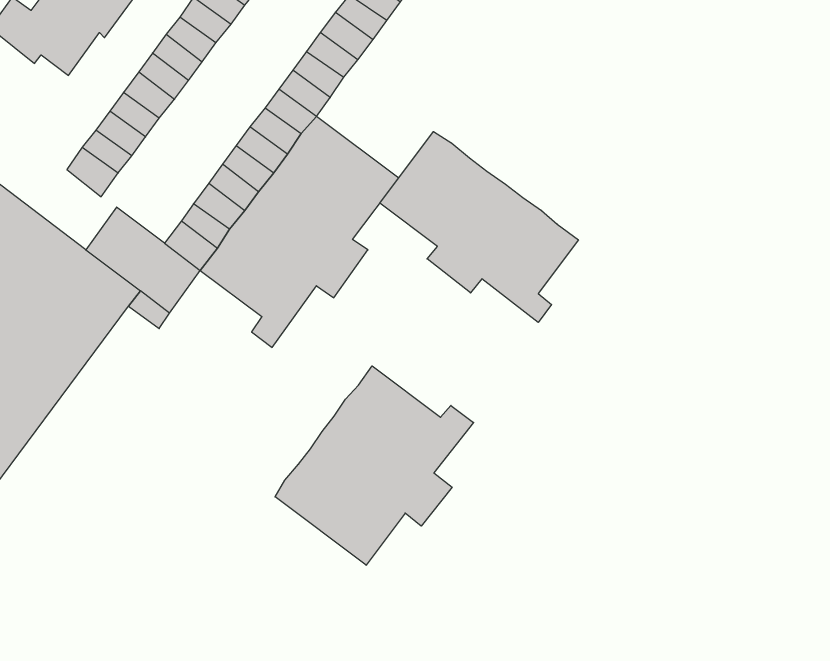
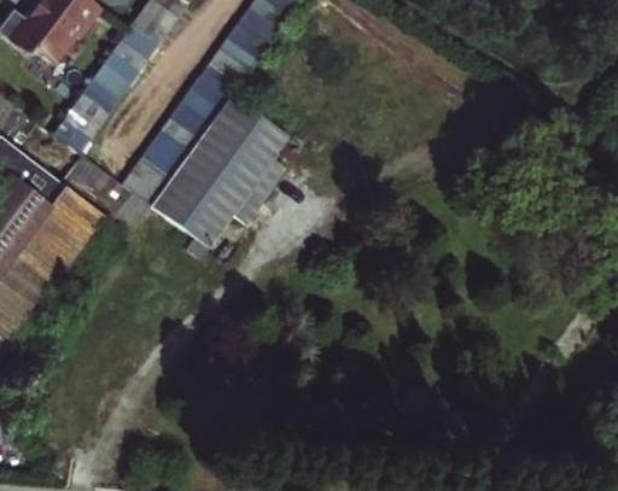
building: [380,132,578,322] -> none
building: [275,366,474,565] -> none

